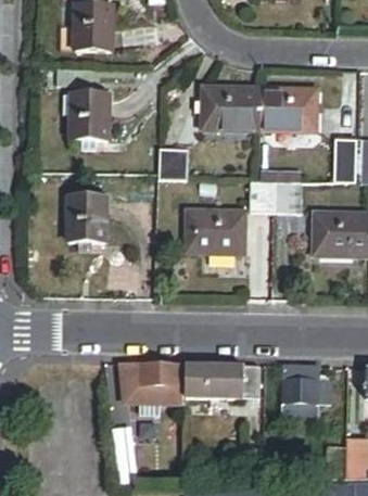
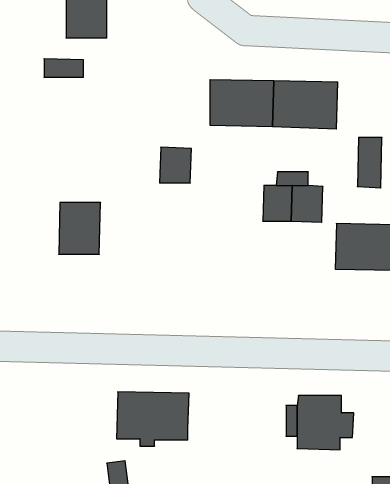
building: [73,94,109,149] -> none
building: [187,212,245,253] -> none
building: [183,365,258,397] -> none

